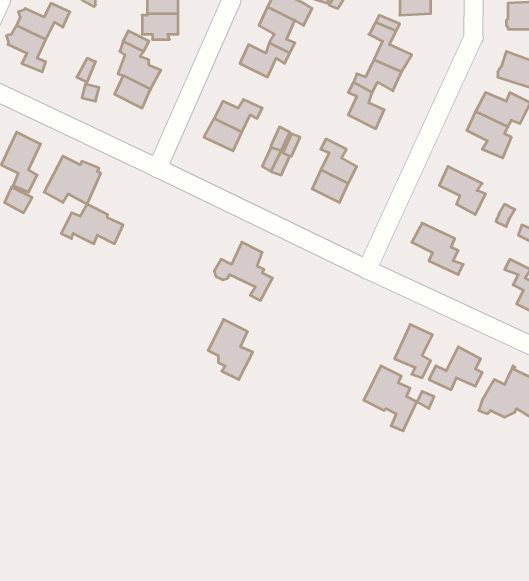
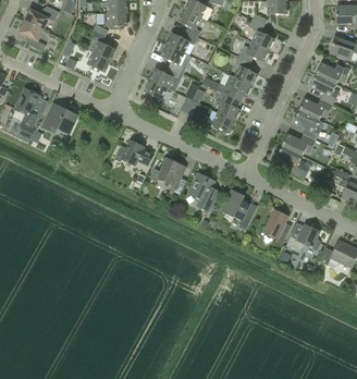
building: none -> [161,44,190,73]
building: none -> [217,73,253,98]
building: none -> [298,97,333,120]
building: [61,204,123,244] -> [114,139,153,164]
building: none -> [282,133,316,155]
building: [208,319,253,380] -> [189,172,218,210]
building: [364,366,417,431] -> [221,188,255,230]

